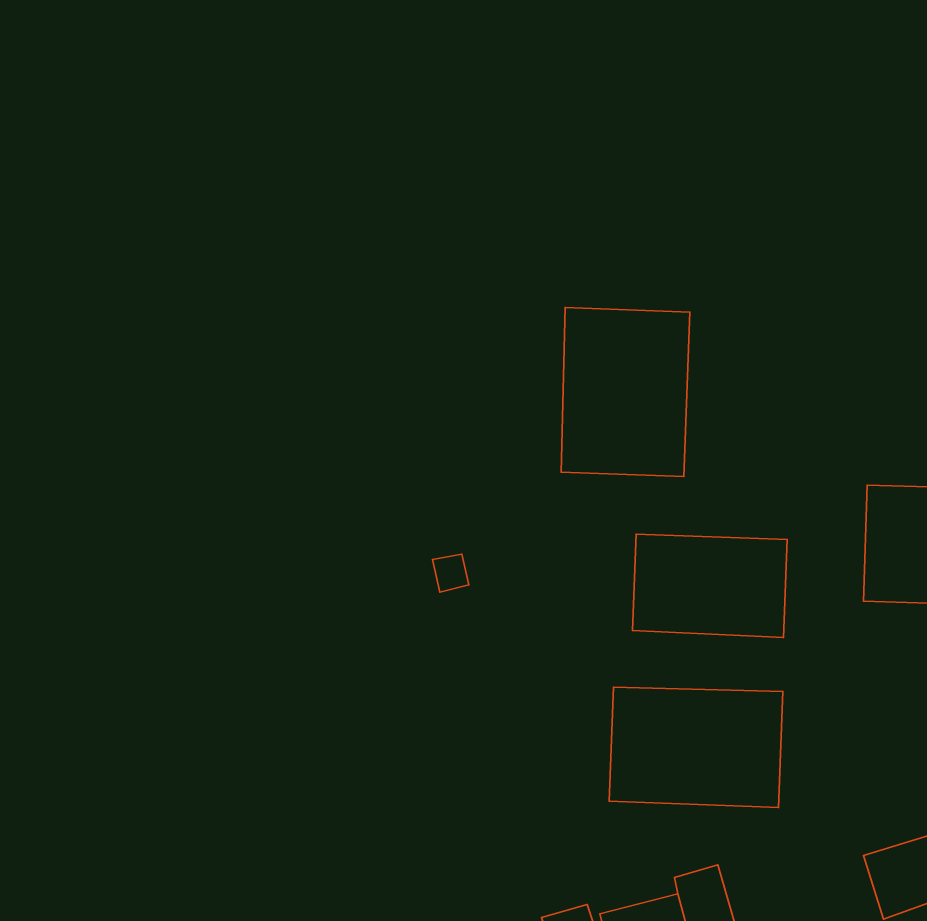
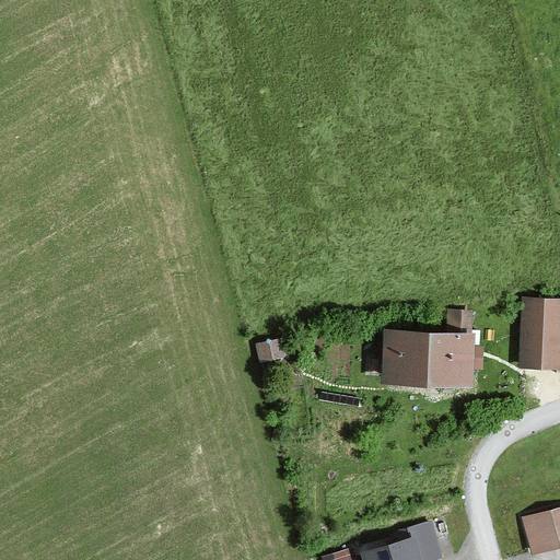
building: [561,308,690,476] -> none
building: [609,687,783,807] -> none

